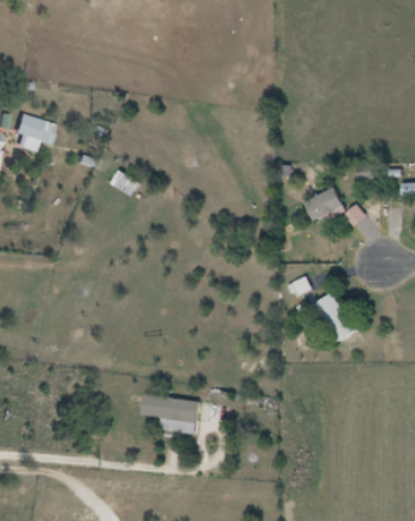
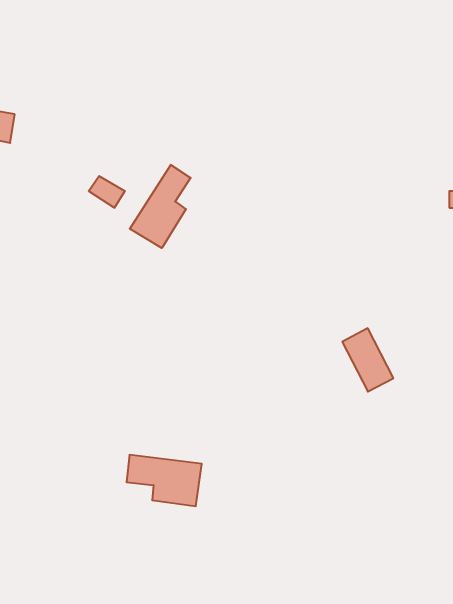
building: none -> [130,165,191,248]
building: [303,187,343,221] -> none

